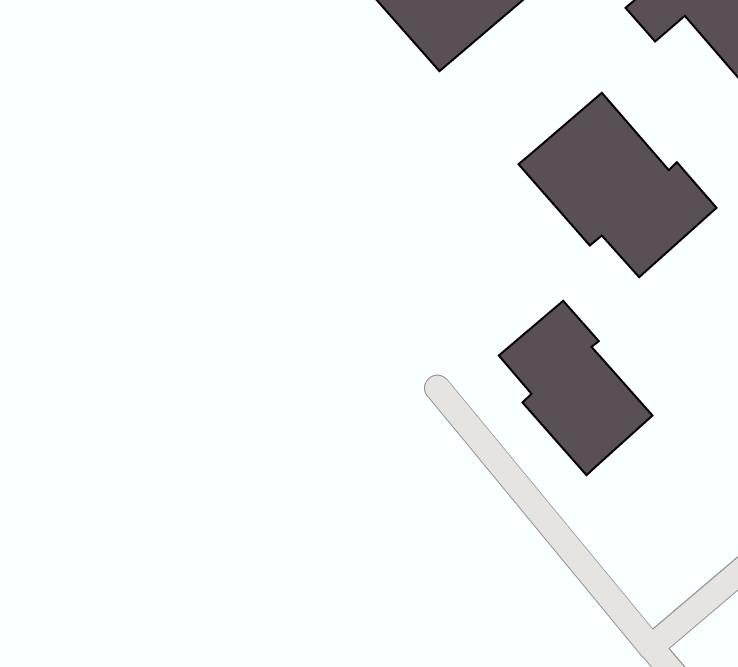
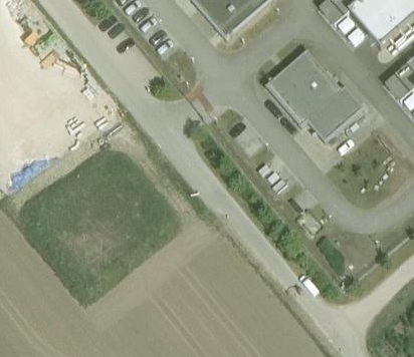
building: [499,301,652,475] -> none

